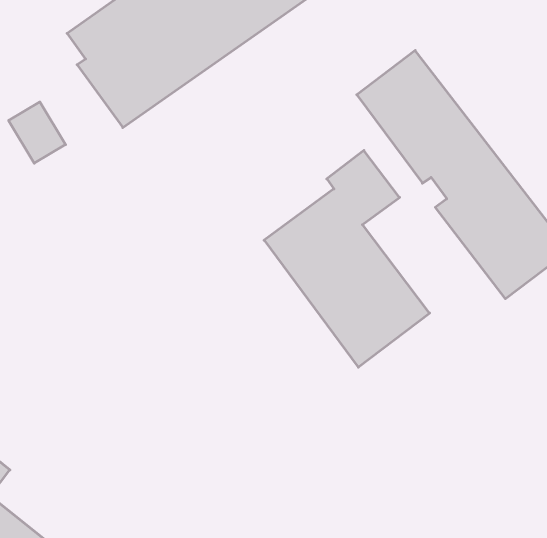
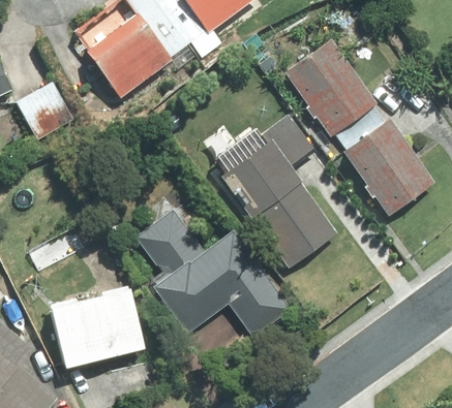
building: none -> [138,208,294,335]
building: none -> [43,284,146,371]

